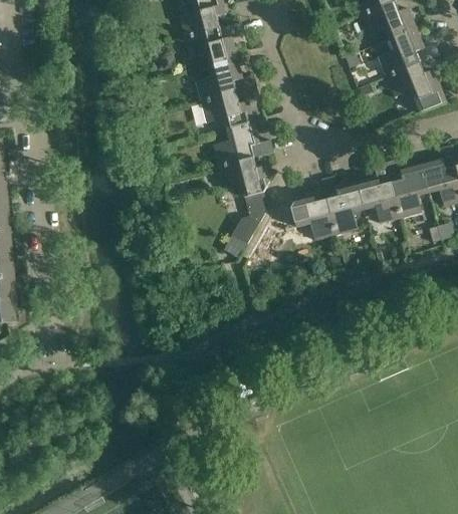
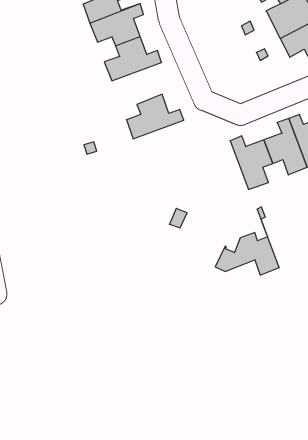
building: [202,88,260,131] -> none
building: [218,158,273,258] -> none
building: [267,180,335,240] -> [215,219,279,275]

